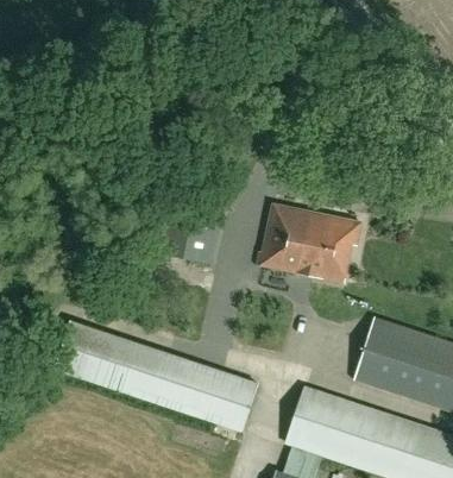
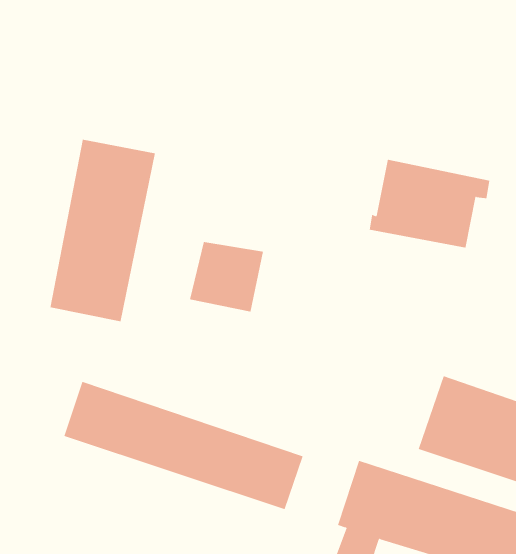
building: none -> [50,139,156,322]
building: [258,206,360,281] -> [369,159,490,248]

